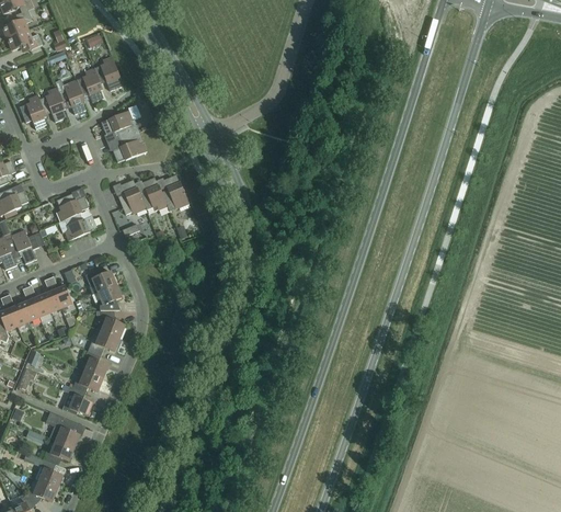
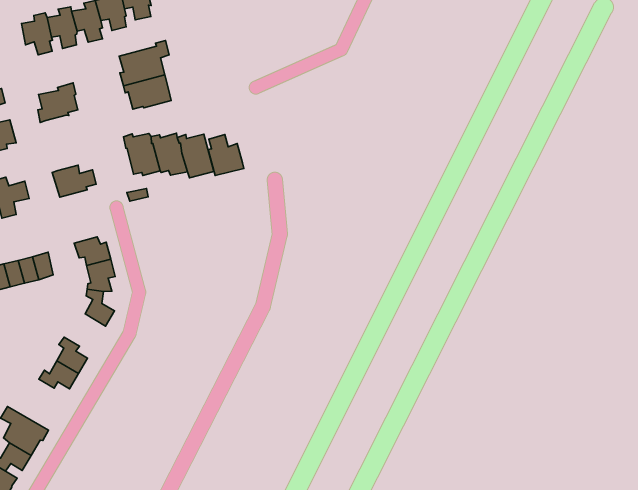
building: none -> [208,134,244,175]
building: [56,186,89,221] -> [38,83,78,122]
building: [88,330,119,356] -> none
building: [61,386,93,416] -> none

